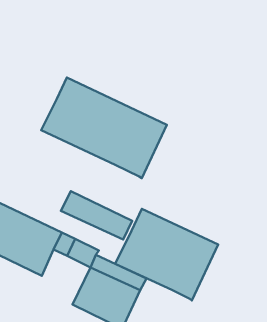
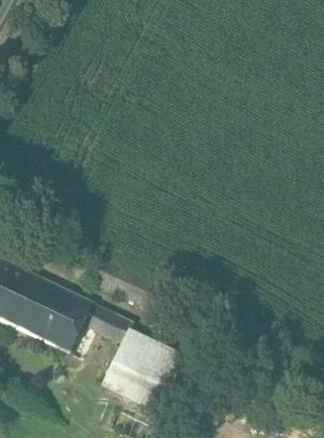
building: [41,78,167,178] -> none
building: [115,209,218,300] -> none

